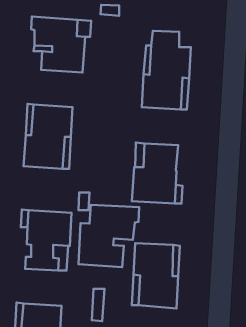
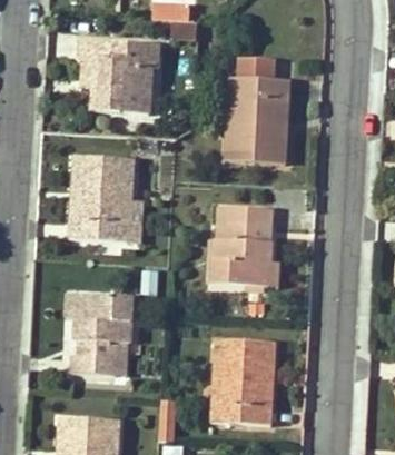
building: [78,205,139,267] -> none

